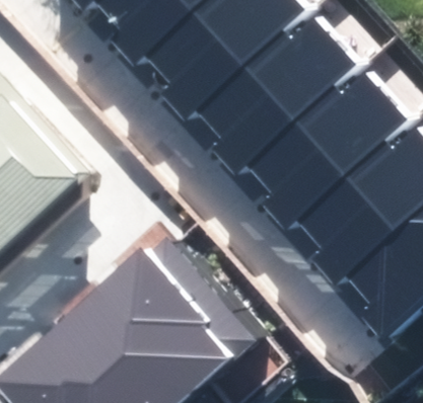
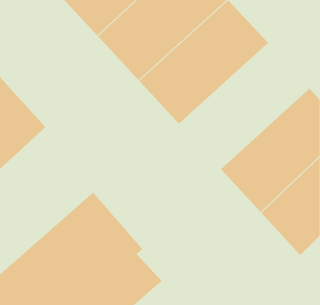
building: [248,67,409,222] -> none

